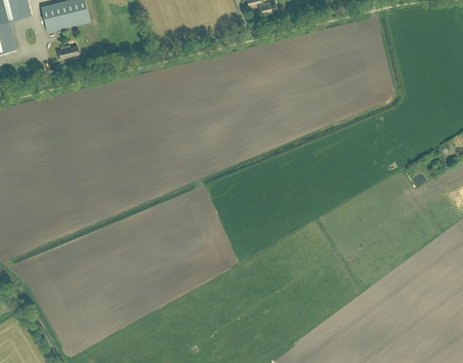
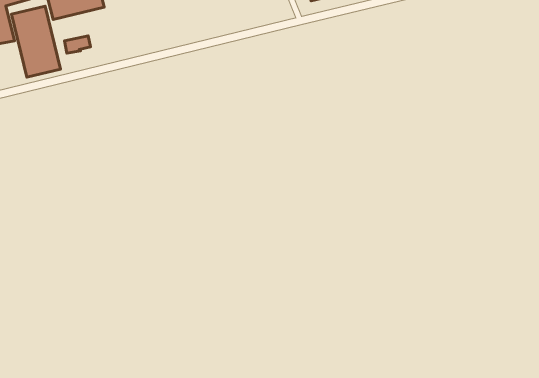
building: none -> [12,6,61,77]

